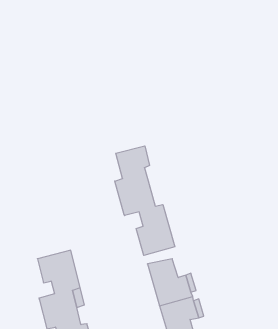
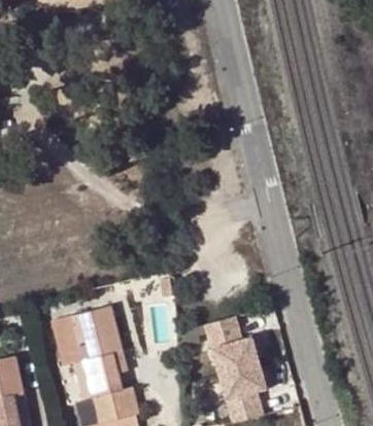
building: [115,146,175,255] -> none
building: none -> [50,316,92,366]

